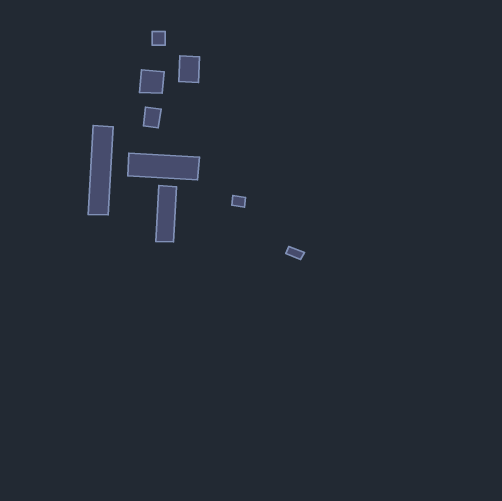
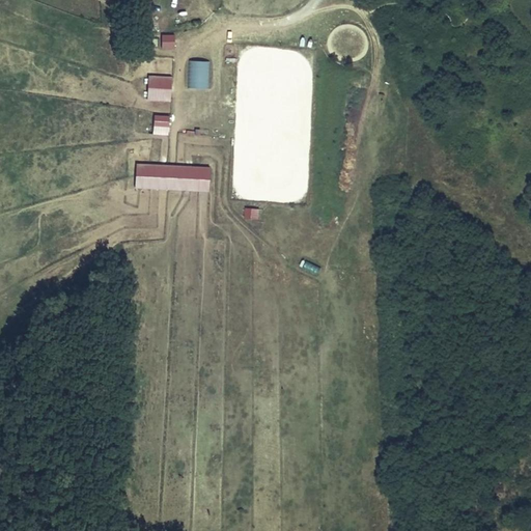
building: [88,125,113,215] -> none
building: [156,186,177,242] -> none

